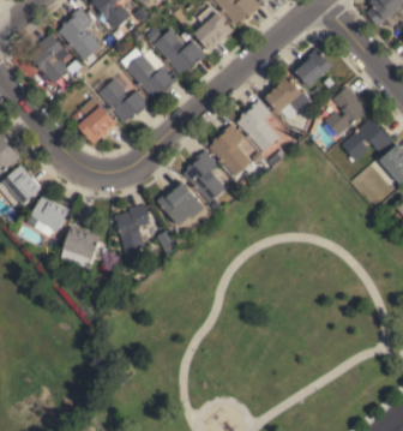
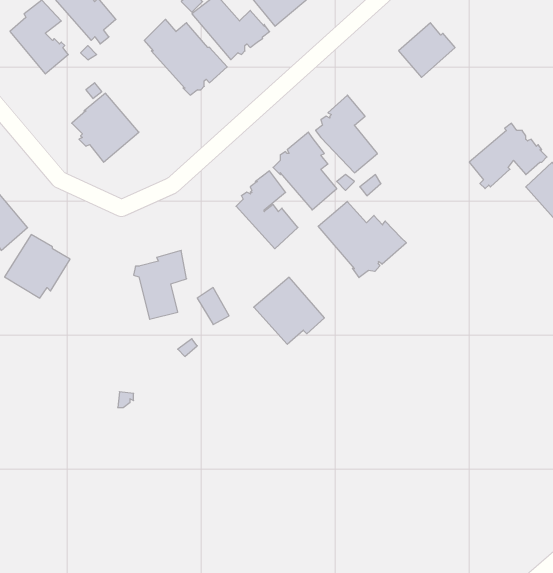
building: [92,74,150,122] -> none
building: [263,74,309,120] -> none
building: [324,86,366,136] -> none
building: none -> [318,201,406,278]
building: [156,180,204,226] -> [254,277,324,344]
building: [60,226,98,268] -> none

